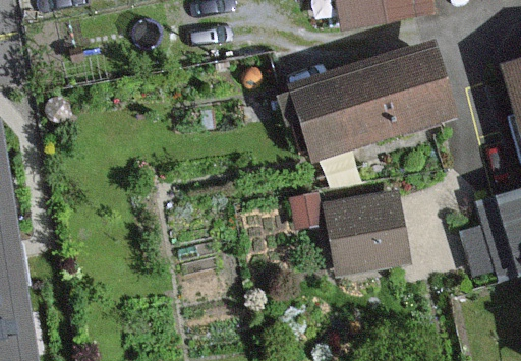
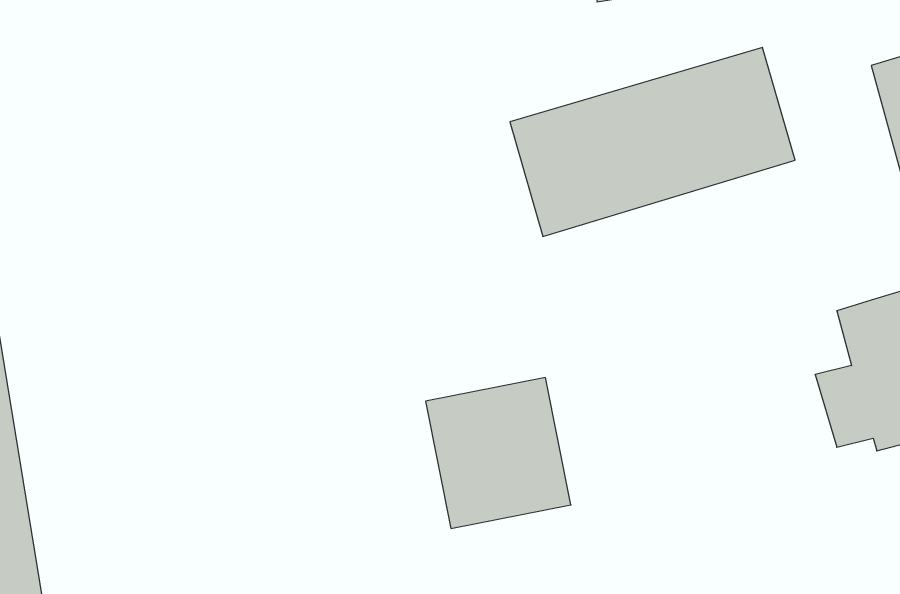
building: [328,190,409,275] -> [426,378,571,528]

